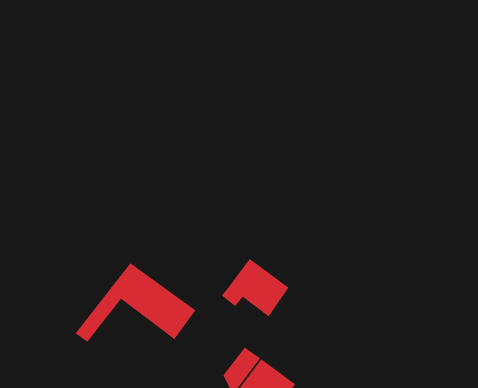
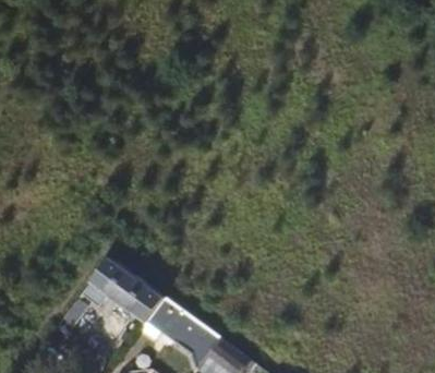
building: [221,258,290,317] -> [143,298,201,348]

